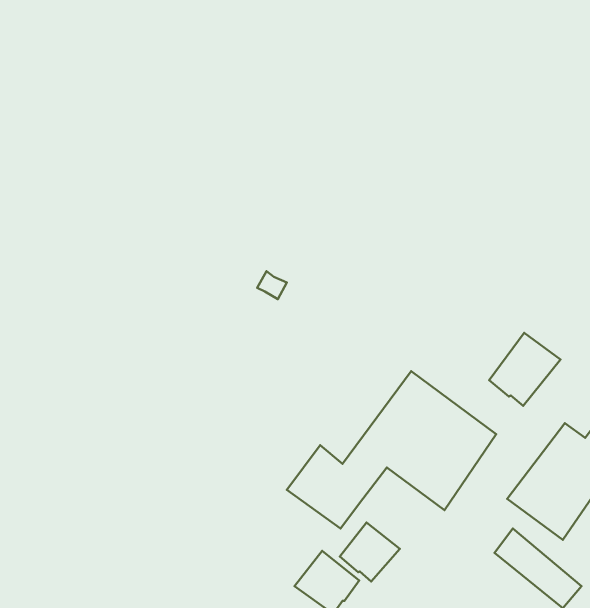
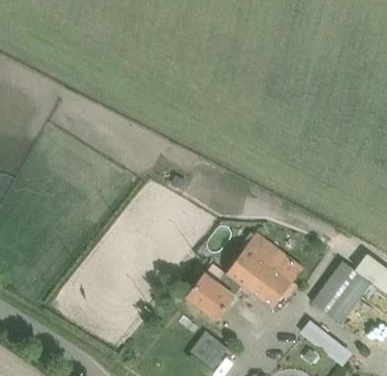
building: [489,333,561,406] -> none
building: [340,522,400,582] -> none

